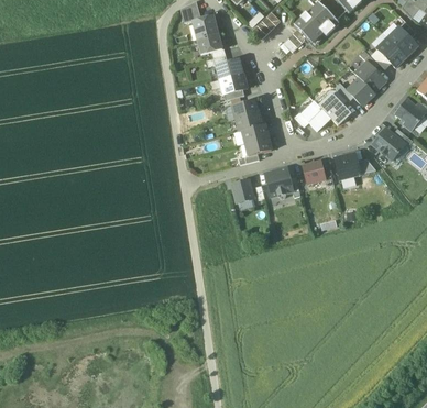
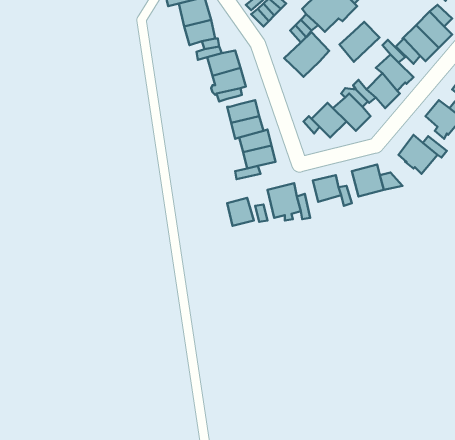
building: none -> [339,22,380,62]
building: none -> [284,32,329,77]

